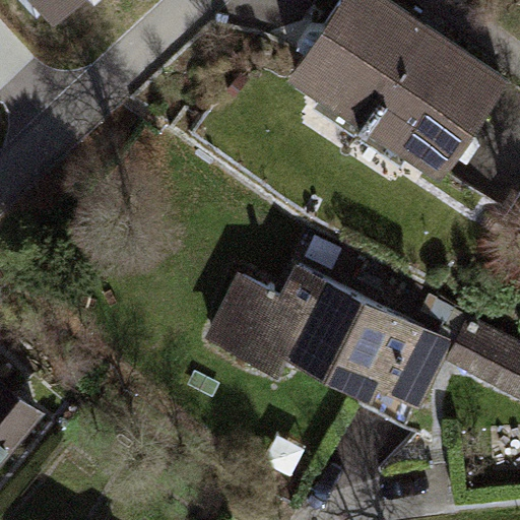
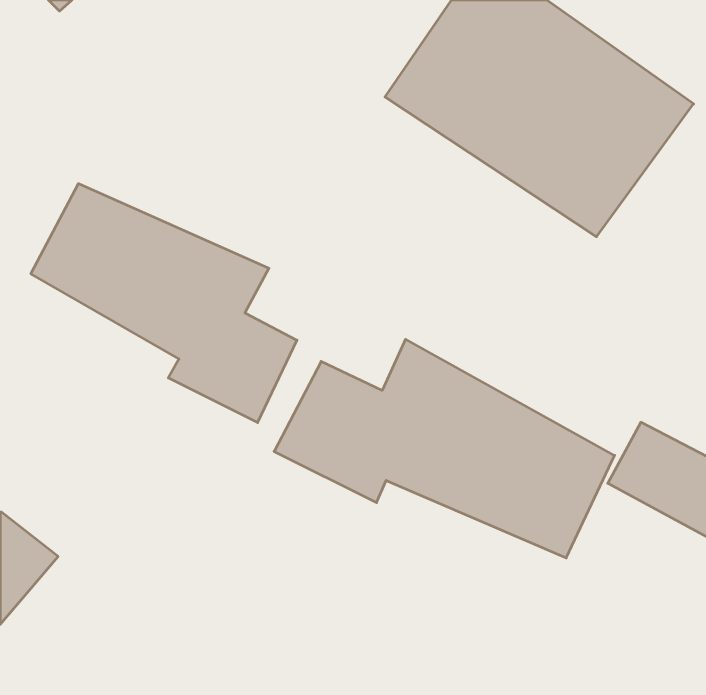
building: none -> [31,184,297,423]

